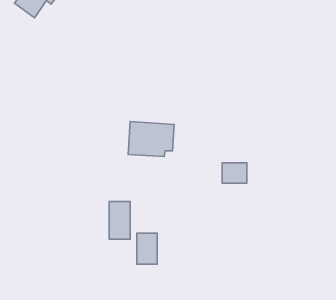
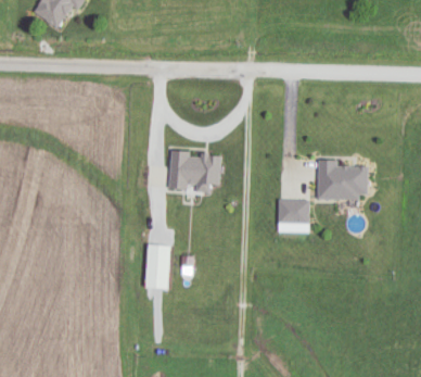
building: none -> [316,163,367,200]
building: [137,233,157,264] -> none

